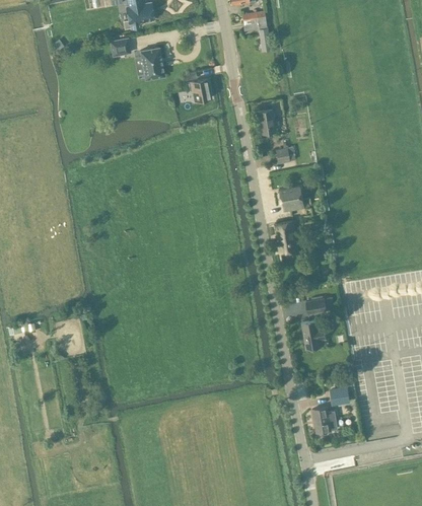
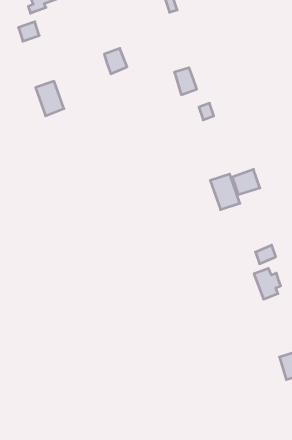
building: [140,48,164,80] -> [36,81,64,116]
building: [279,186,304,208] -> [232,169,260,195]

